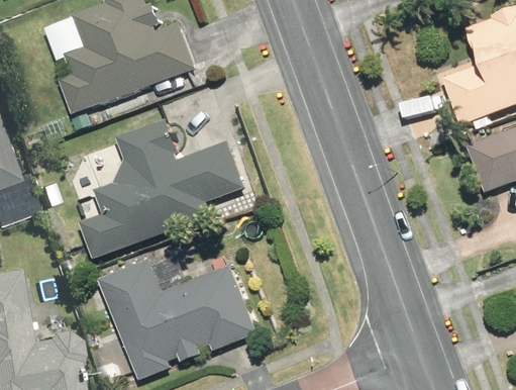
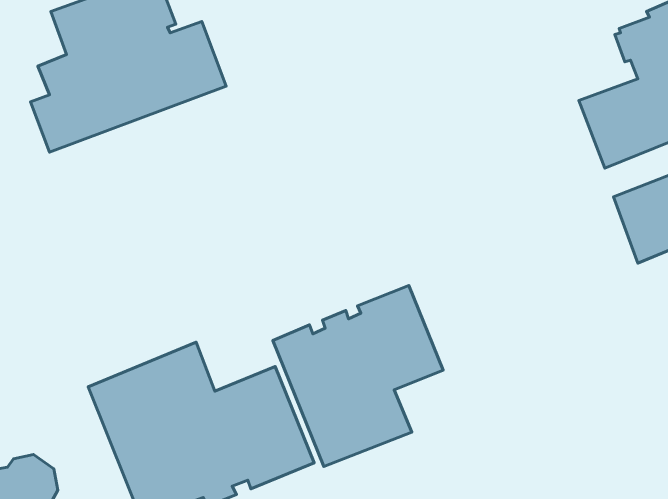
building: [79,118,244,259] -> none
building: none -> [273,286,443,467]

